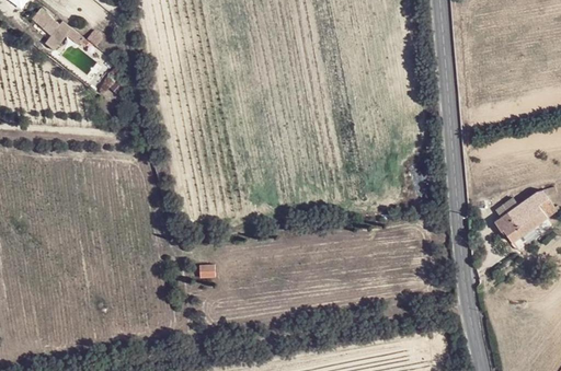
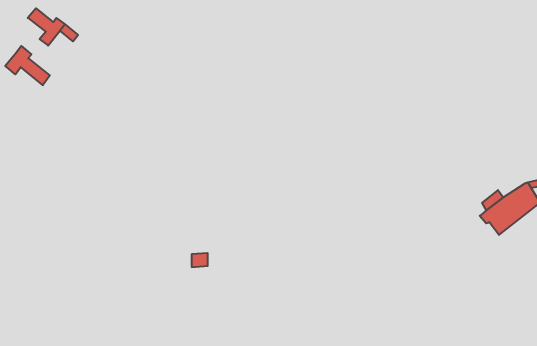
building: none -> [5,46,50,85]

